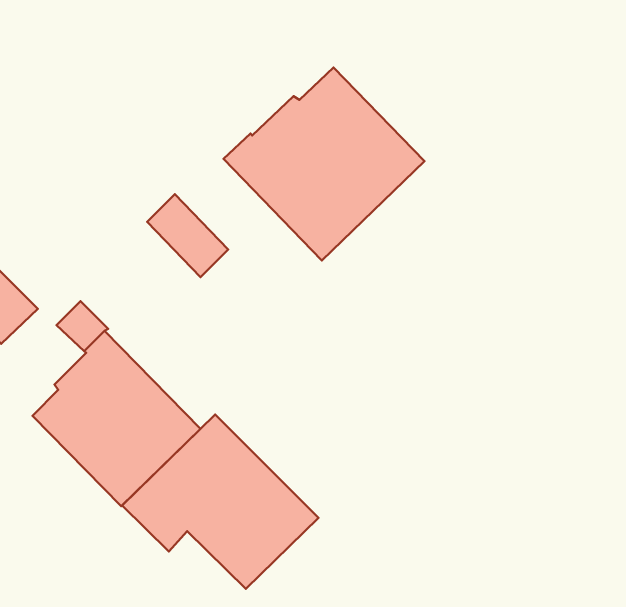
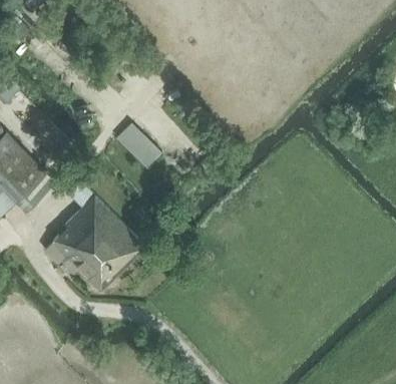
building: [224,67,424,261] -> none
building: [122,414,318,589] -> none

